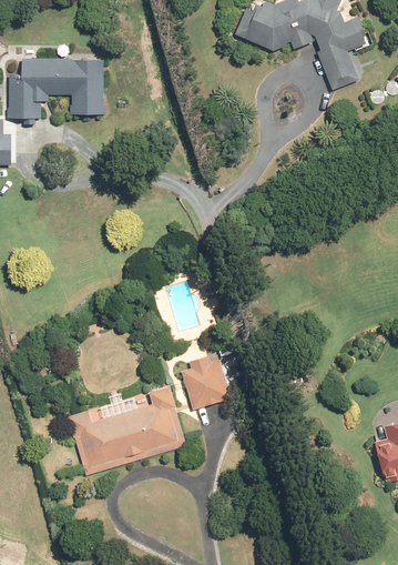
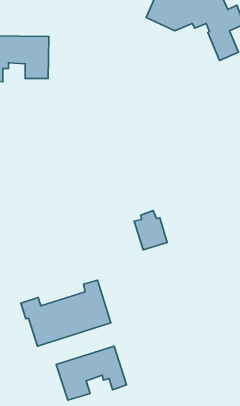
building: [181,355,225,408] -> [134,210,167,250]
building: none -> [56,346,127,400]

